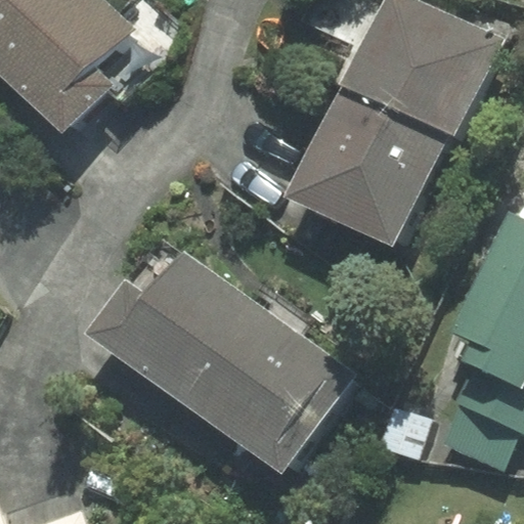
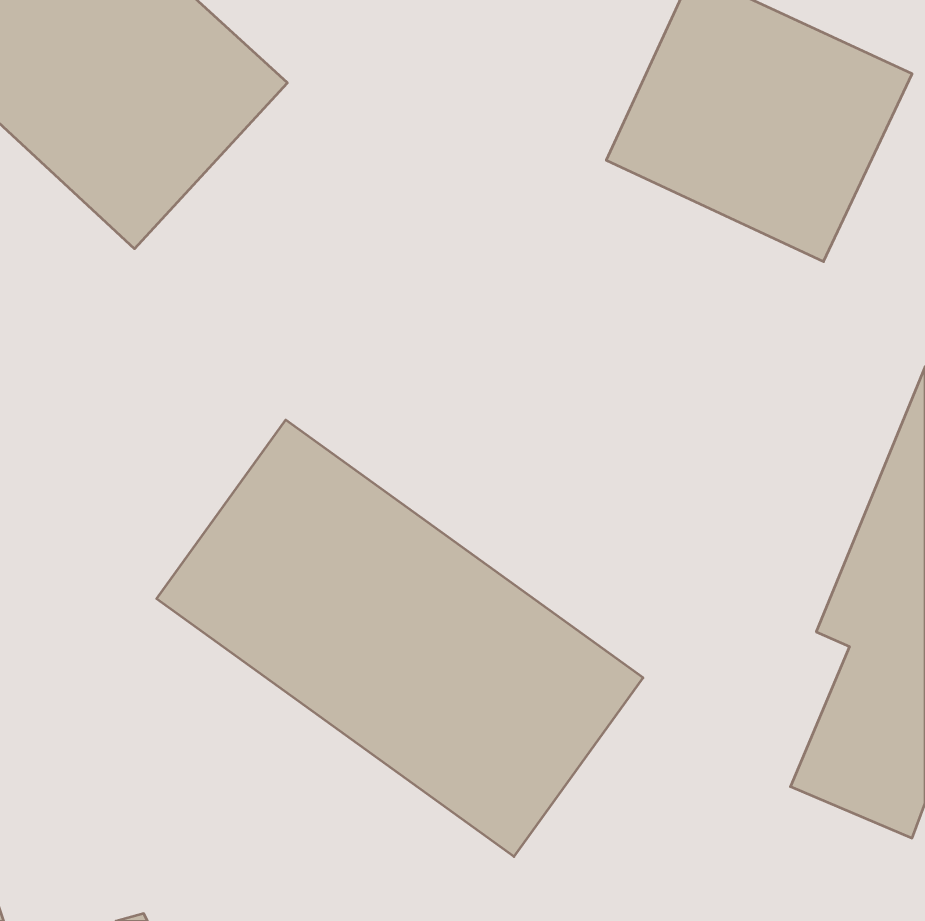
building: [278,99,446,258] -> none

